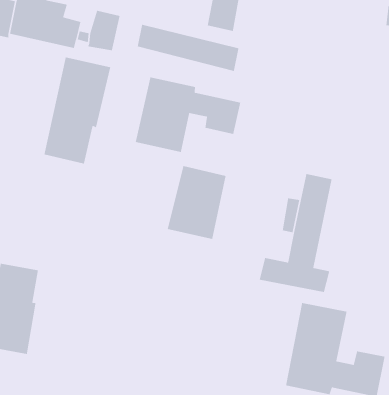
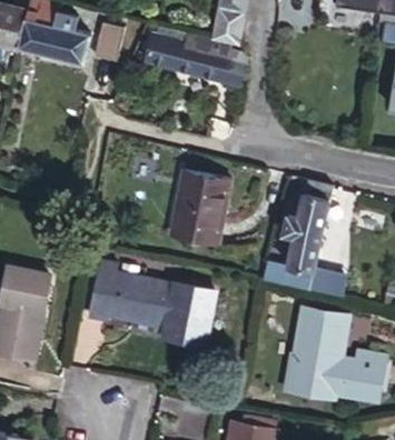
building: [44,57,111,165] -> none
building: [135,77,241,153] -> none
building: none -> [87,261,211,342]

